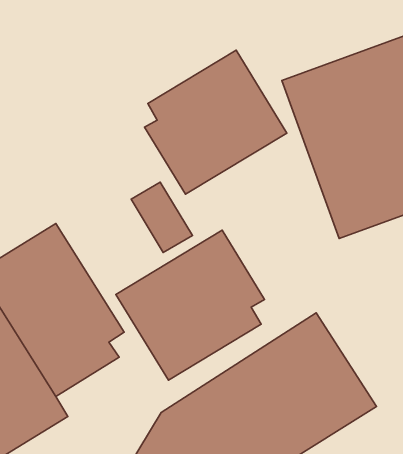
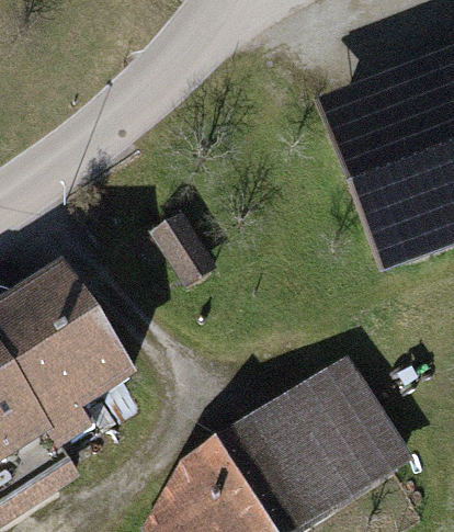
building: [145,50,287,194] -> none
building: [116,230,264,380] -> none

